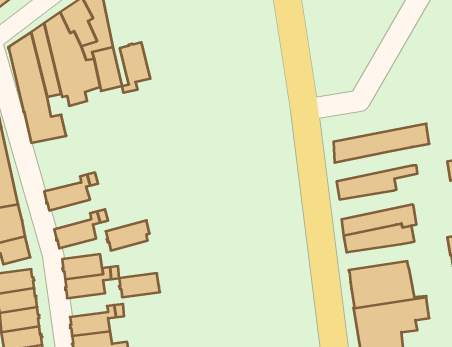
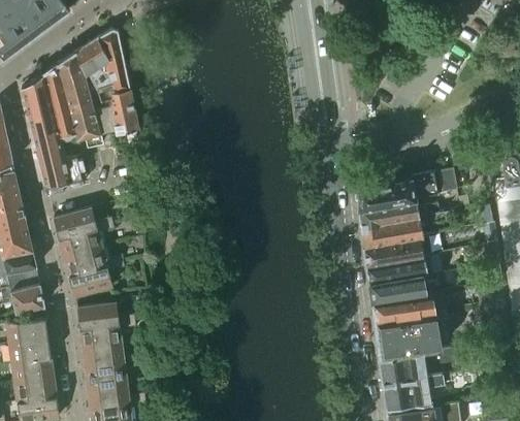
building: [120,42,150,93] -> none
building: none -> [359,198,440,229]
building: none -> [54,209,97,239]
building: none -> [364,234,442,268]
building: [106,220,150,250] -> [64,248,109,279]
building: none -> [371,292,442,321]
building: [119,273,160,297] -> [83,345,125,369]

